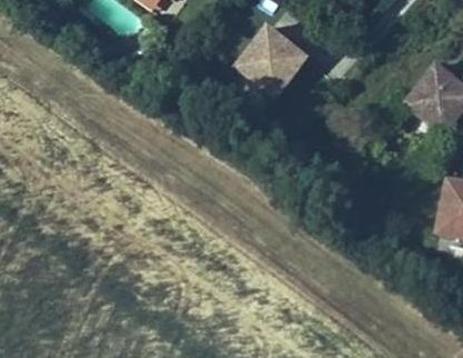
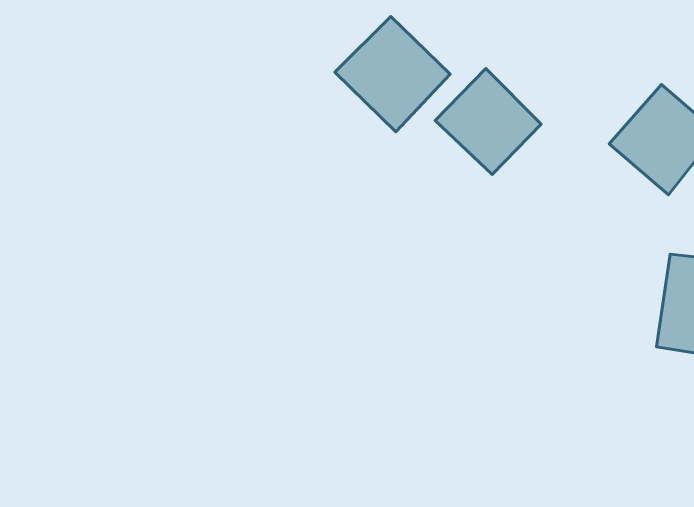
building: none -> [435,69,541,175]

